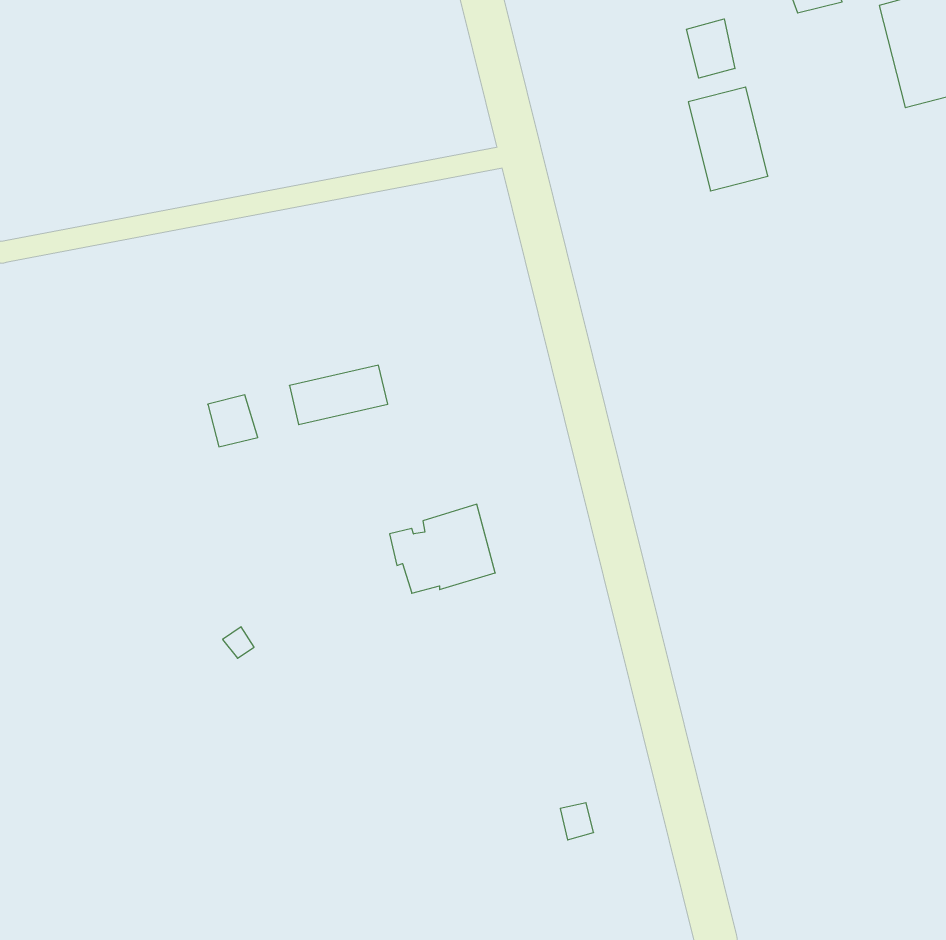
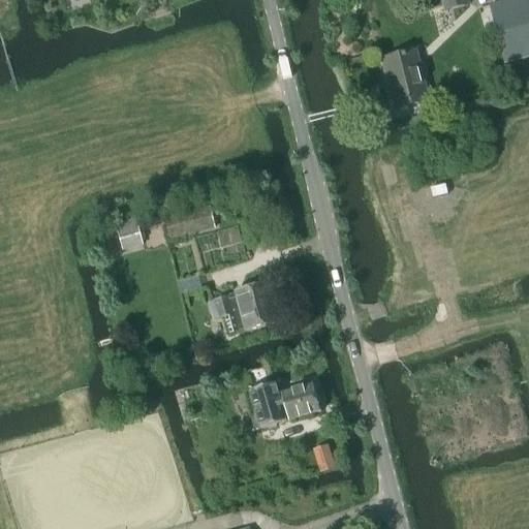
building: [686,19,735,78] -> none
building: none -> [244,380,320,427]

